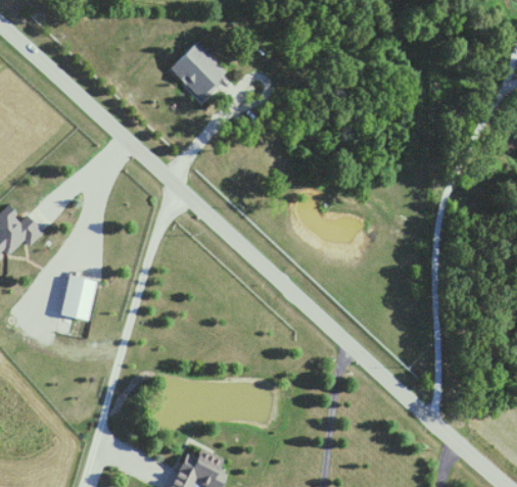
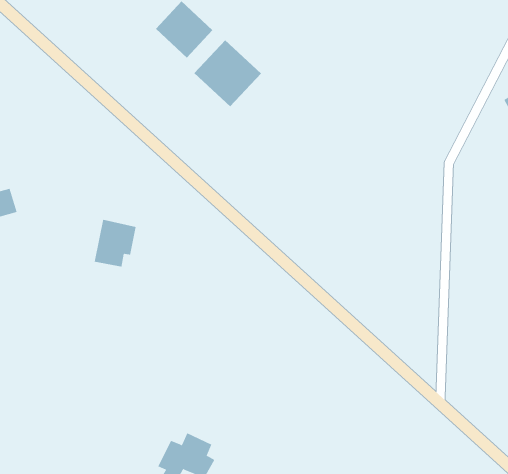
building: none -> [193,39,262,107]
building: [60,277,100,322] -> [94,219,136,267]

